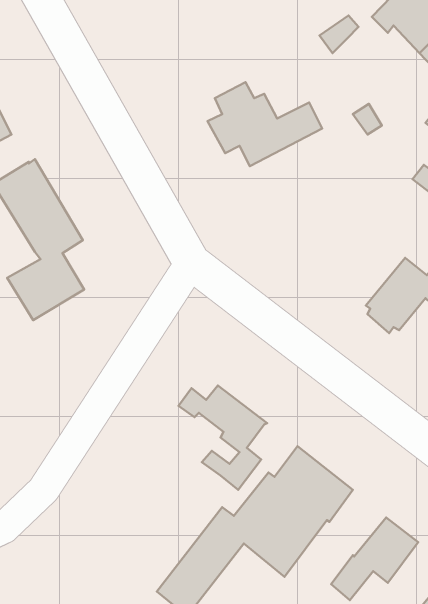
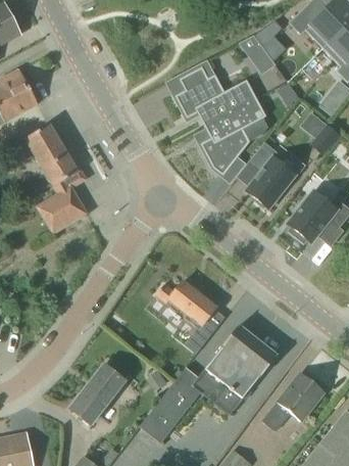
building: none -> [239,34,276,74]
building: none -> [202,99,265,174]
building: none -> [243,141,298,211]
building: none -> [69,363,126,424]

